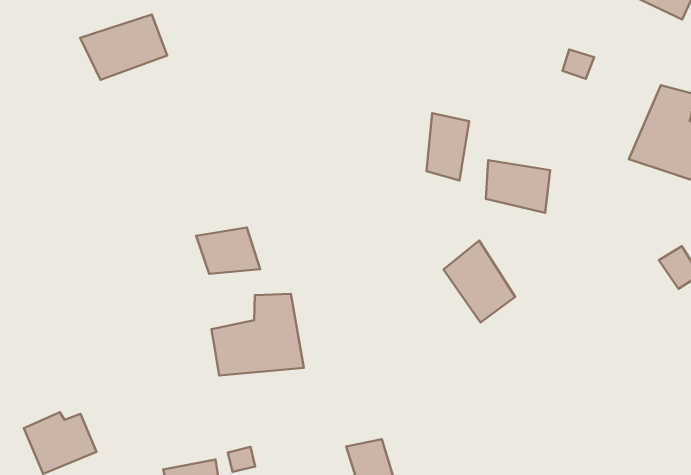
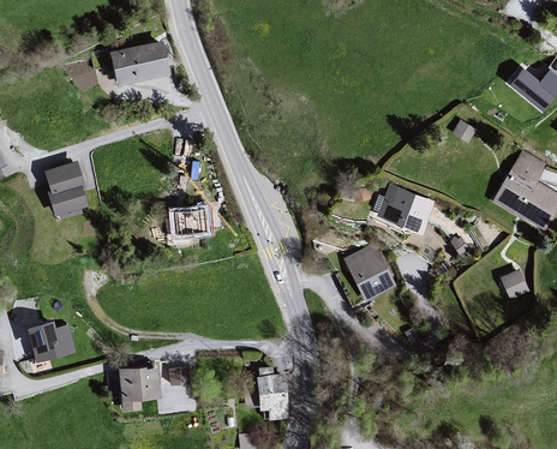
building: [426,113,469,180] -> none
building: none -> [44,161,90,214]
building: [212,294,304,376] -> none

